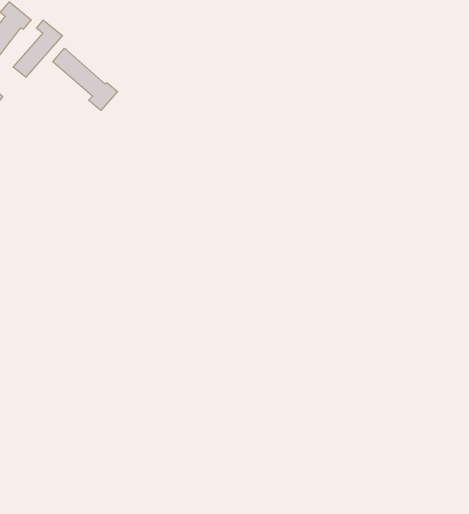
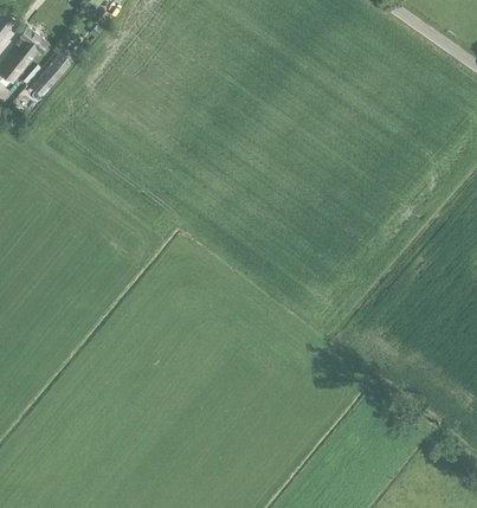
building: [53,48,118,110] -> none

